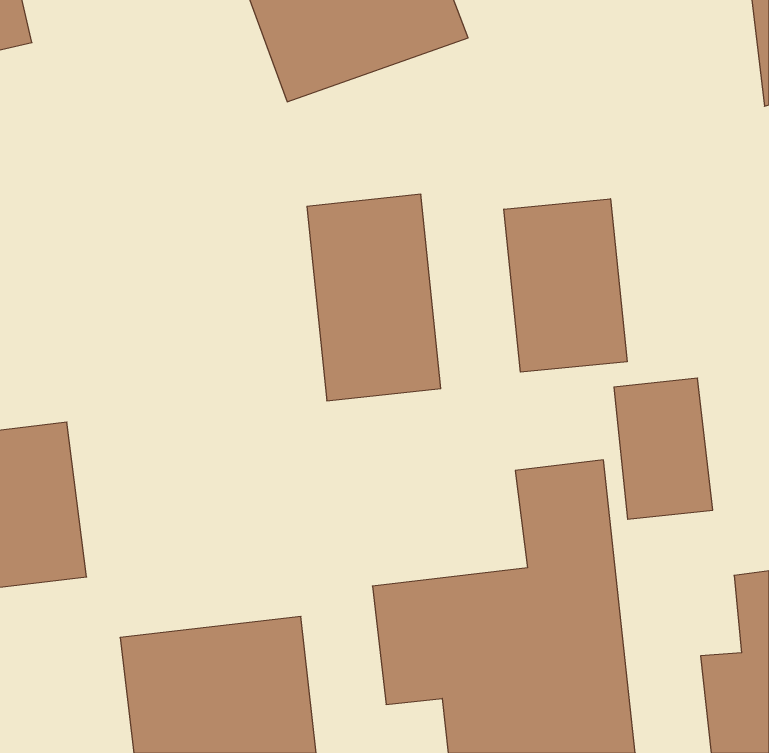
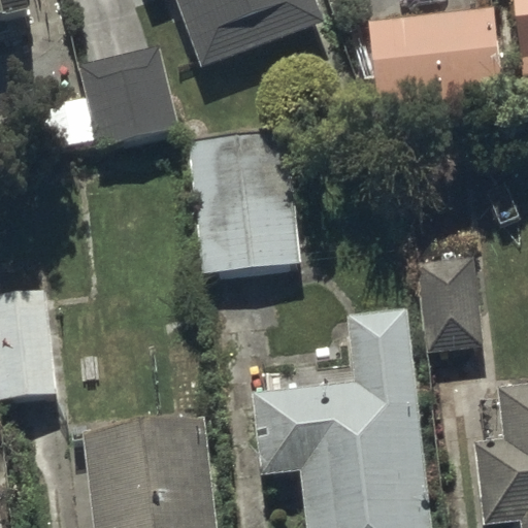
building: none -> [364,9,498,107]
building: none -> [74,38,175,131]
building: [504,199,627,372] -> none

